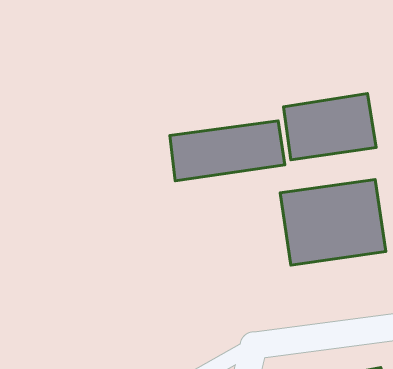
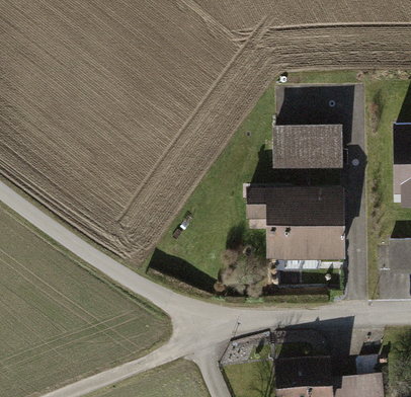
building: [170,121,285,181] -> none

